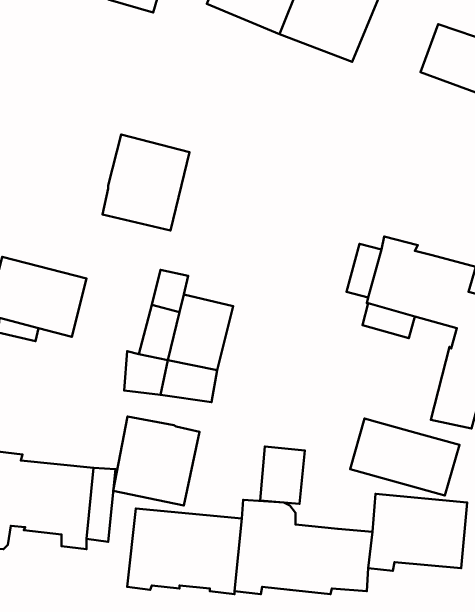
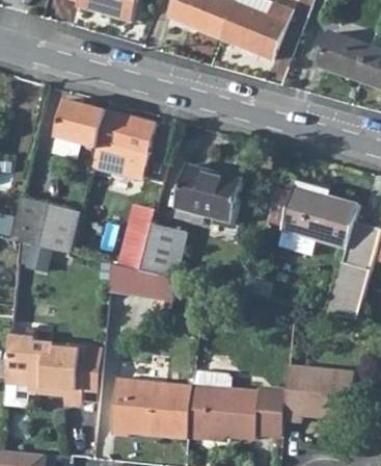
building: none -> [55,99,106,148]
building: none -> [173,164,244,225]
building: [113,417,200,505] -> none
building: [350,419,459,495] -> none
building: [260,447,305,504] -> none

